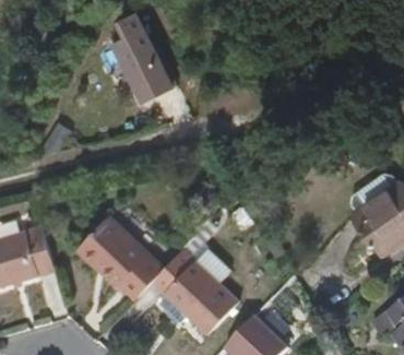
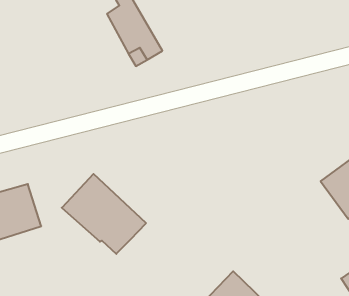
building: [148,247,238,334] -> none

